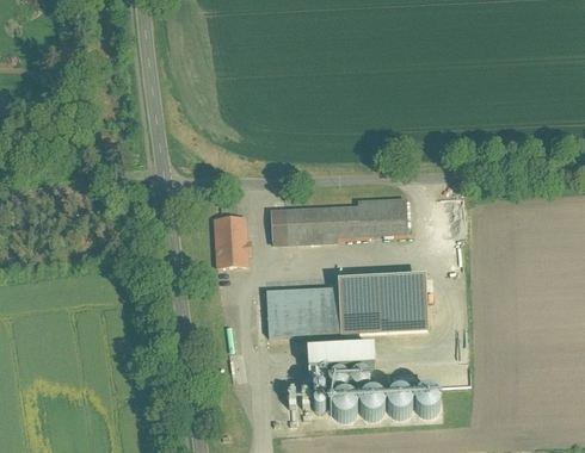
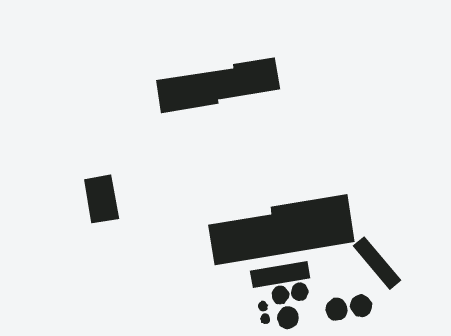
building: [270,197,408,246] -> [155,57,281,114]
building: [214,215,250,267] -> [83,174,120,224]
building: none -> [352,235,402,291]
building: [357,389,383,415] -> none

